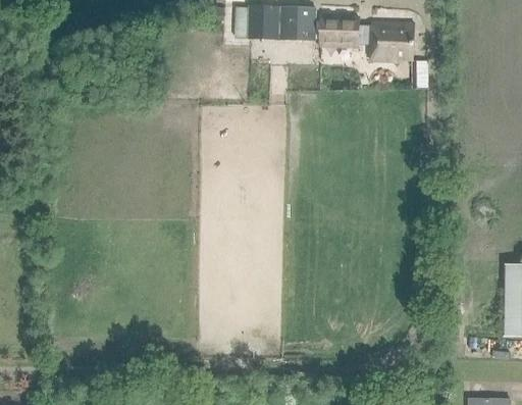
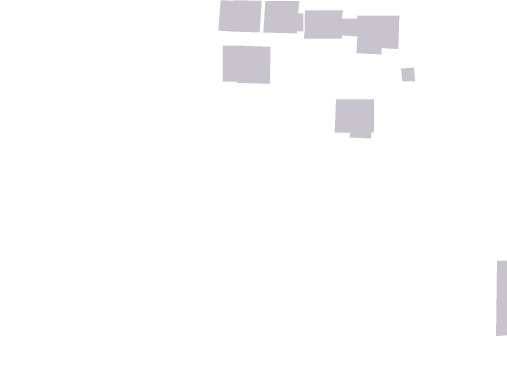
building: none -> [222,45,271,85]
building: none -> [334,98,375,139]

